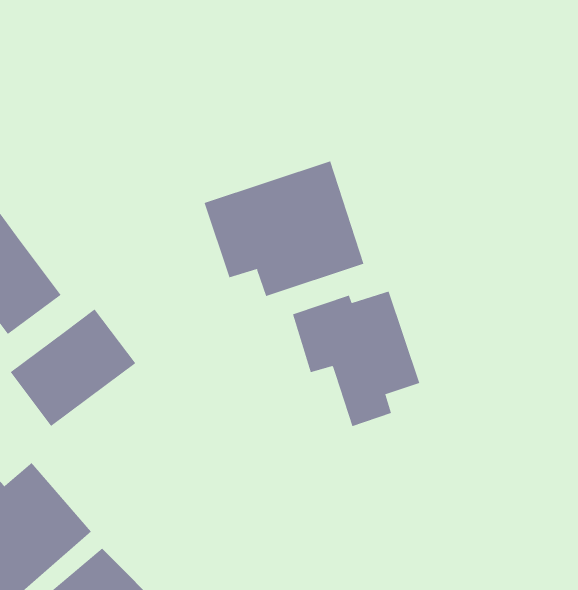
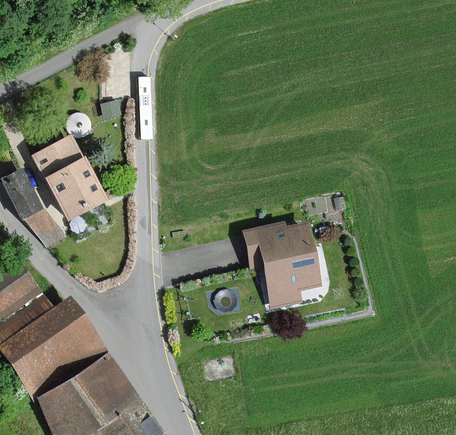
building: [204,160,364,297] -> none
building: [10,309,136,427] -> none

